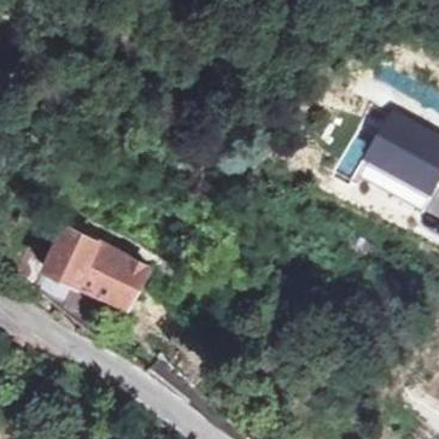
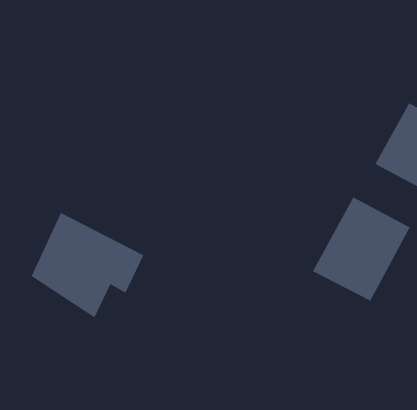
building: none -> [312,196,411,302]

